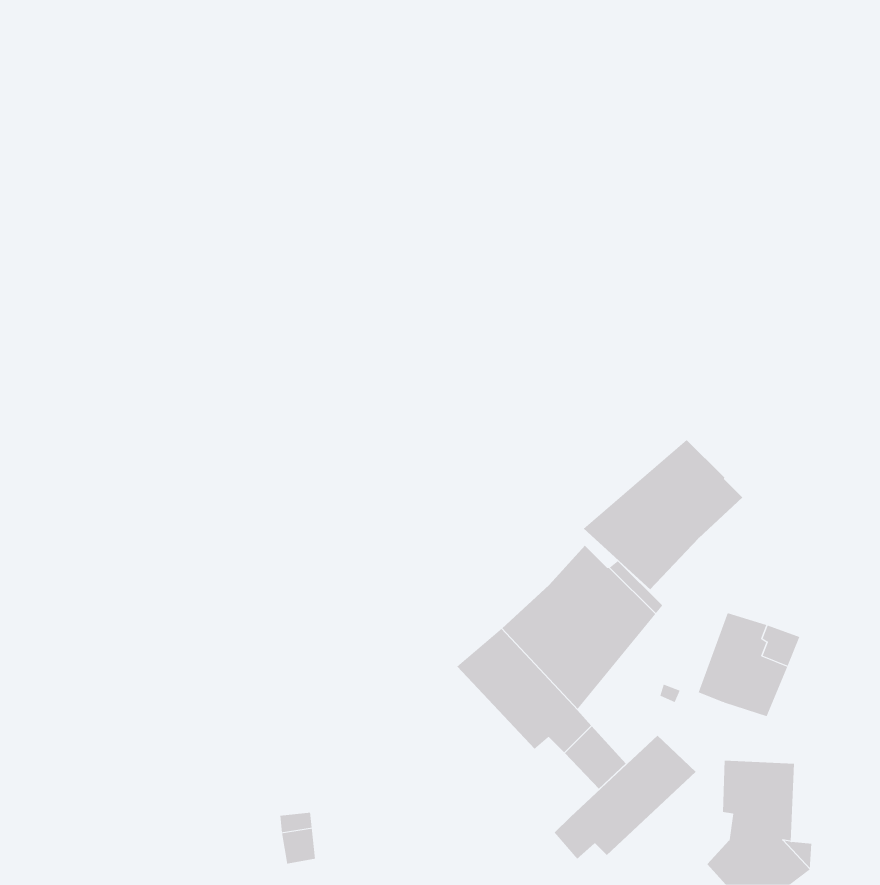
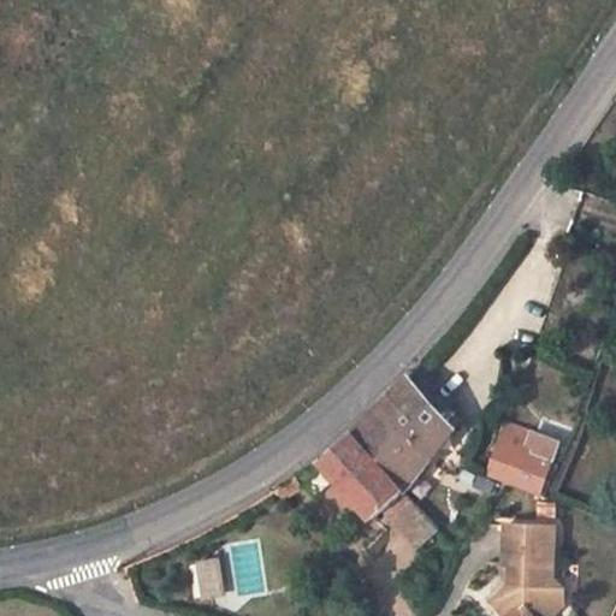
building: [583,439,743,590] -> none
building: [554,735,697,860] -> none

